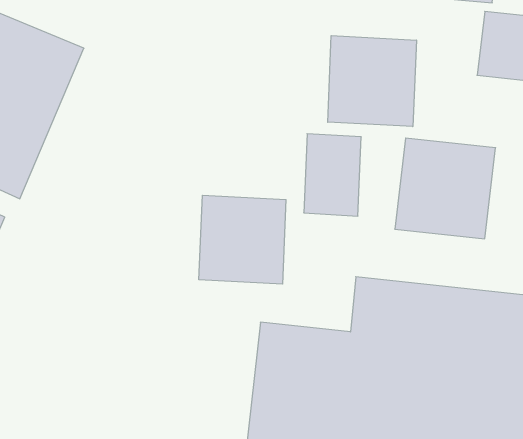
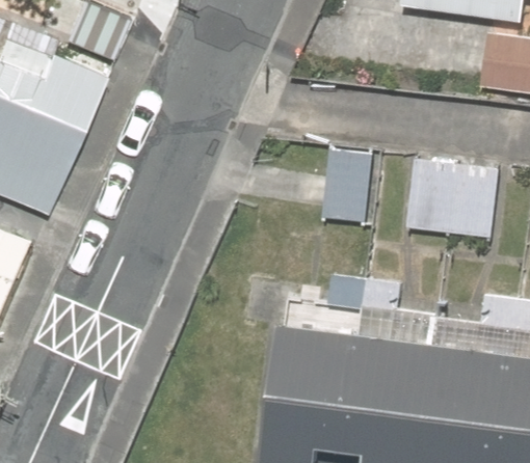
building: [328,36,416,127] -> none
building: [199,195,286,284] -> none

